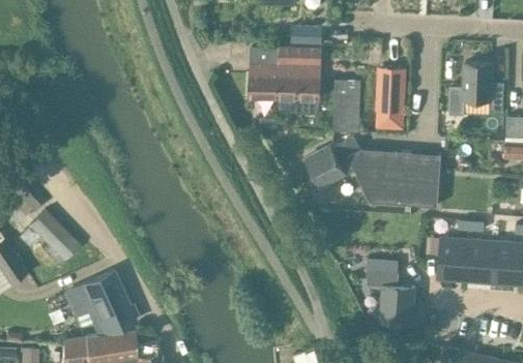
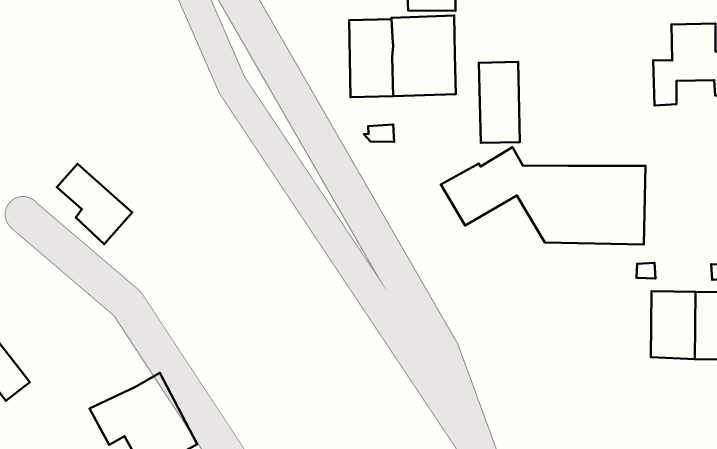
building: [374,66,407,129] -> none
building: [30,210,79,264] -> [57,164,132,244]
building: [366,271,414,324] -> none

